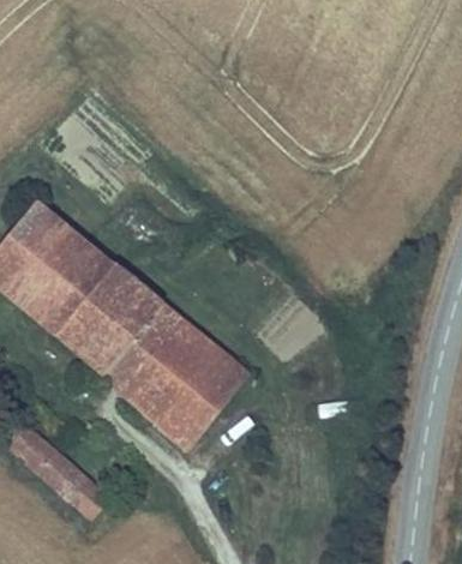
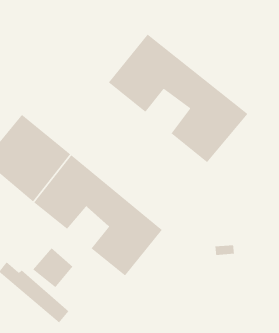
building: none -> [108,33,248,163]
building: [104,341,166,402] -> [32,247,73,288]

